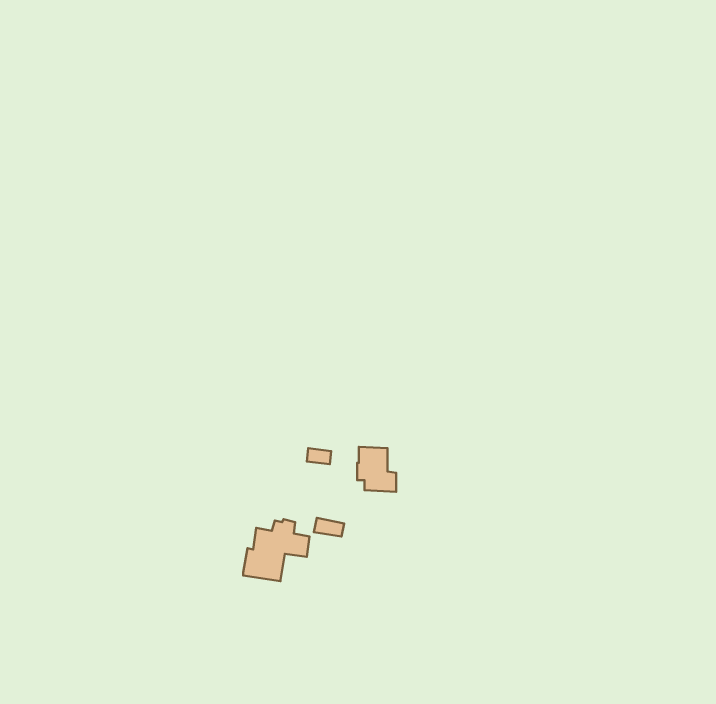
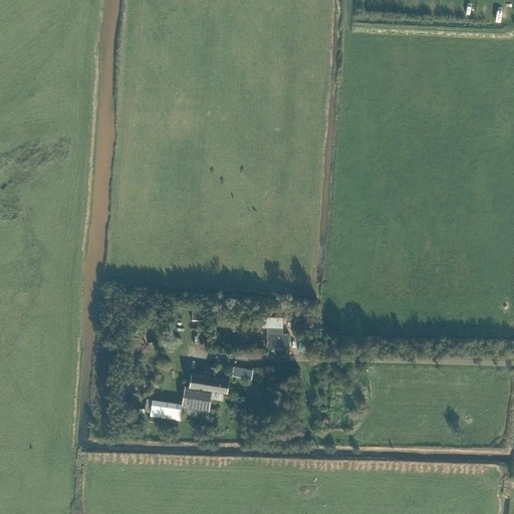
building: none -> [151,401,183,422]

